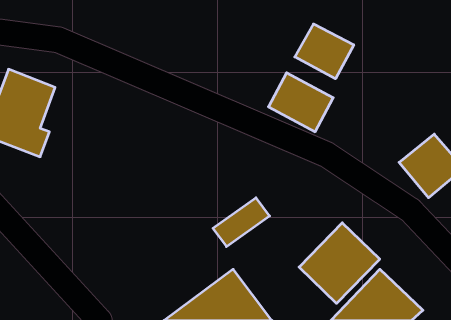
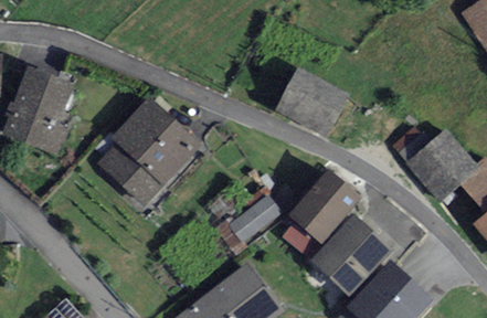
building: [295,24,354,79] -> none
building: none -> [88,97,200,212]
building: none -> [287,172,360,246]

